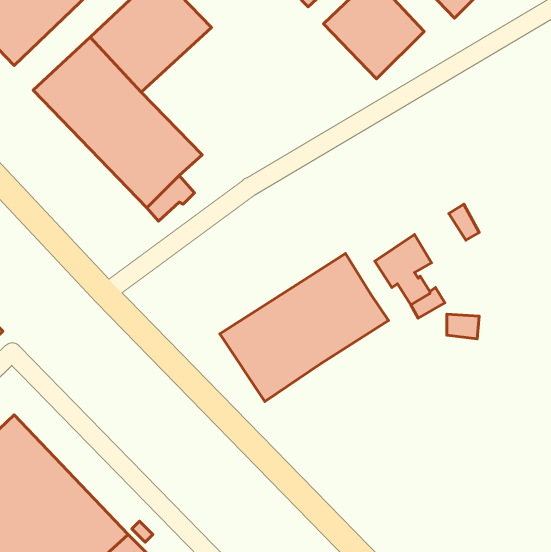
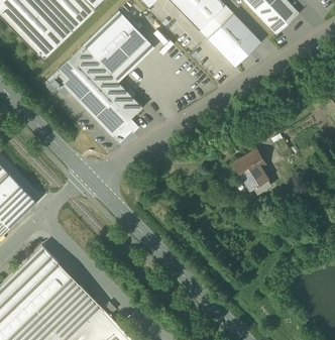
building: [220,254,388,401] -> none

